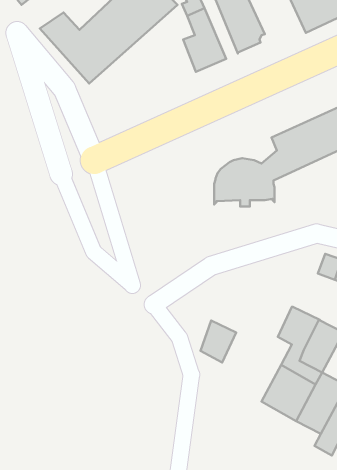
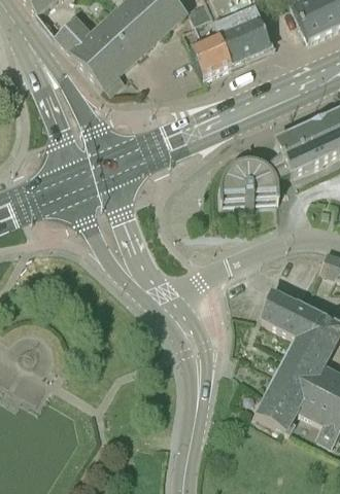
building: [201,321,236,363] -> [262,289,296,329]
building: none -> [256,391,300,431]

